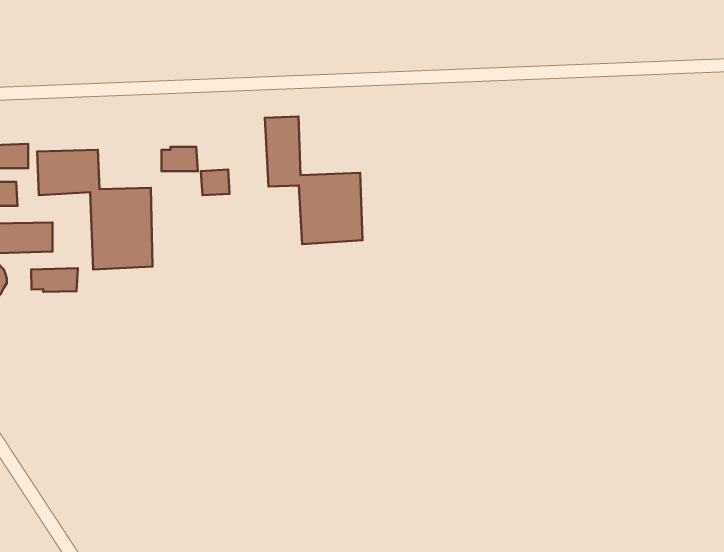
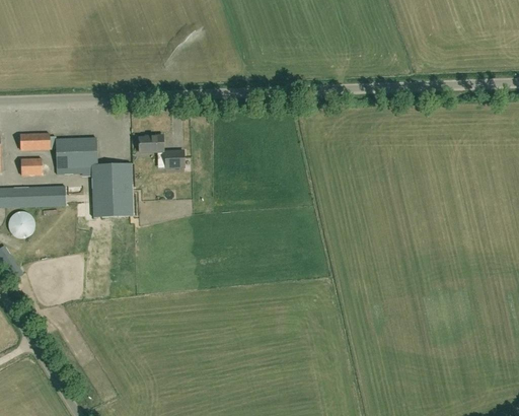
building: [265,116,363,244] -> none
building: [31,268,78,292] -> none

